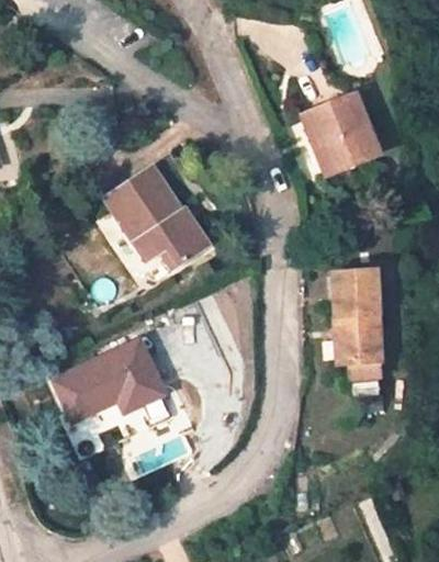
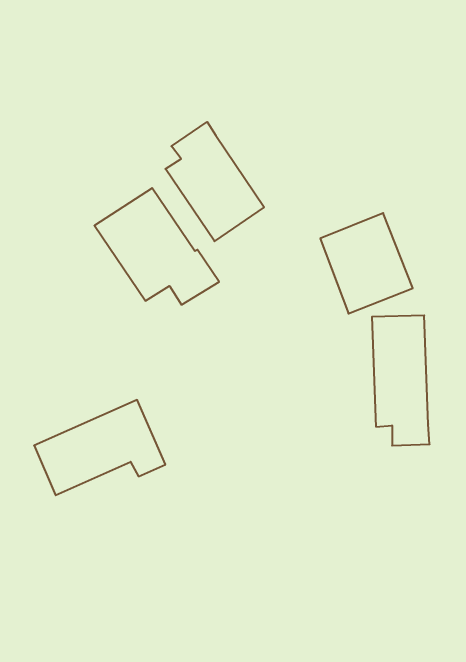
building: [304,92,380,175] -> [320,213,413,314]
building: none -> [165,122,264,241]

